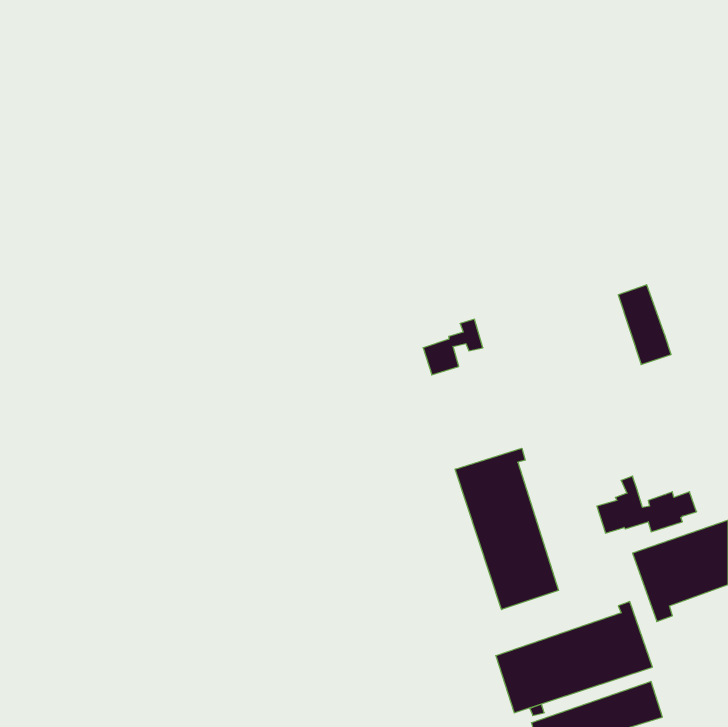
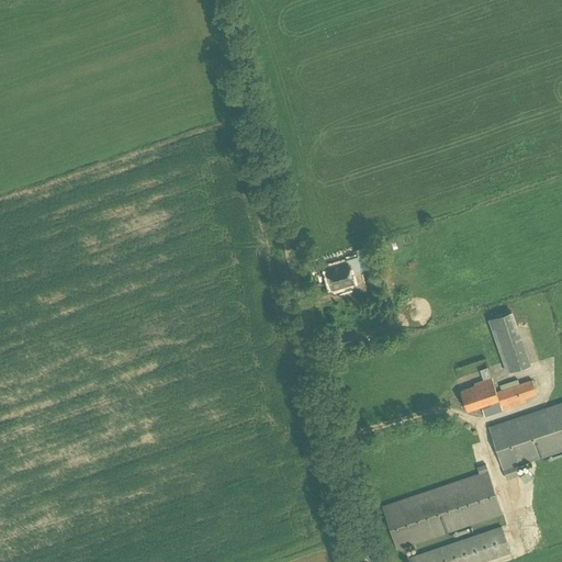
building: [618,285,671,365] -> [488,312,529,373]
building: [455,448,559,610] -> none

